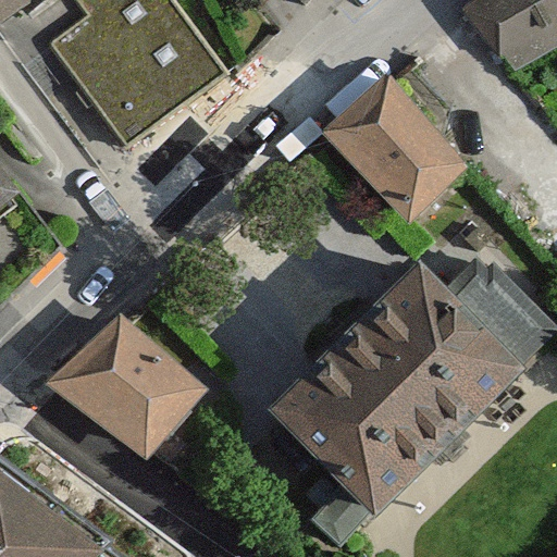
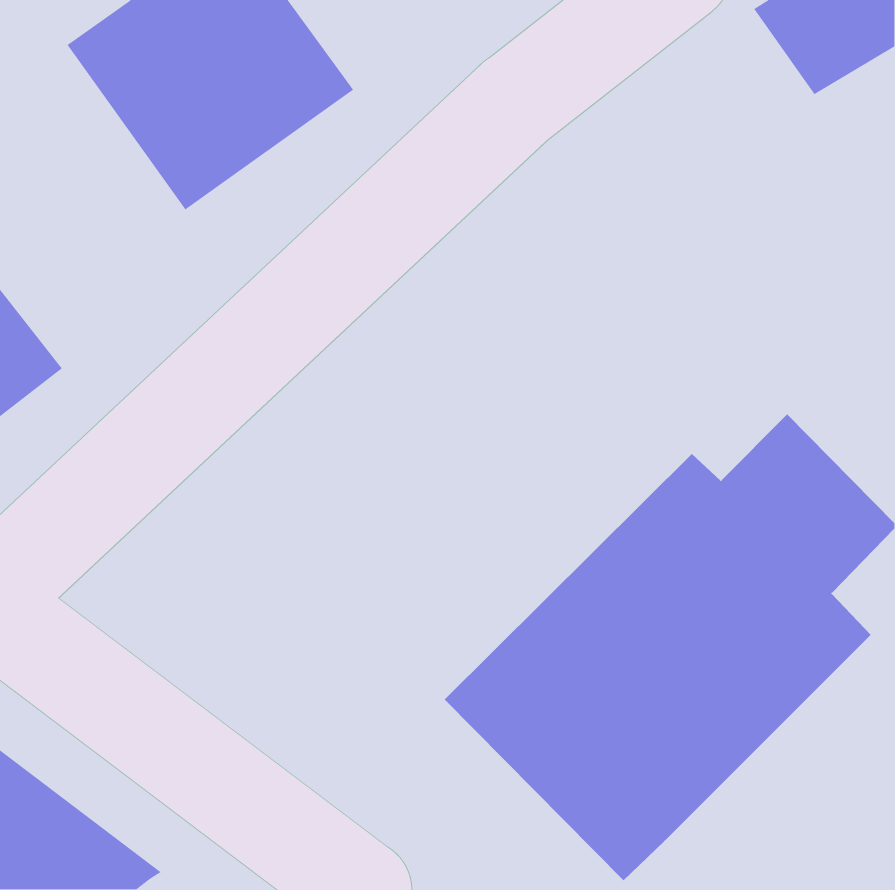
building: [317,73,478,239] -> none
building: [50,313,207,466] -> none

